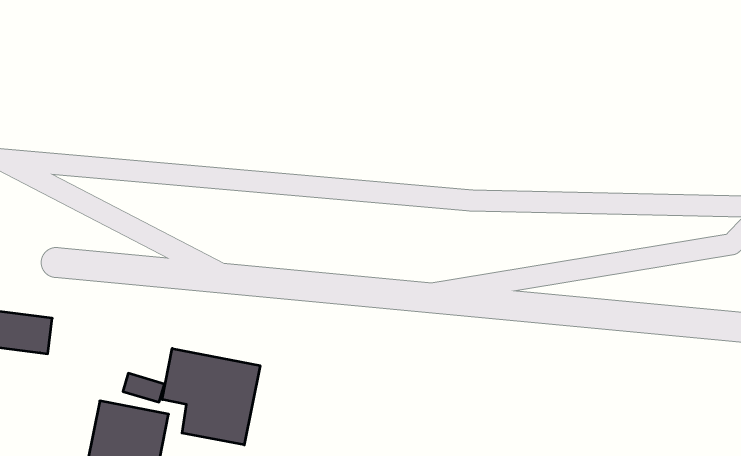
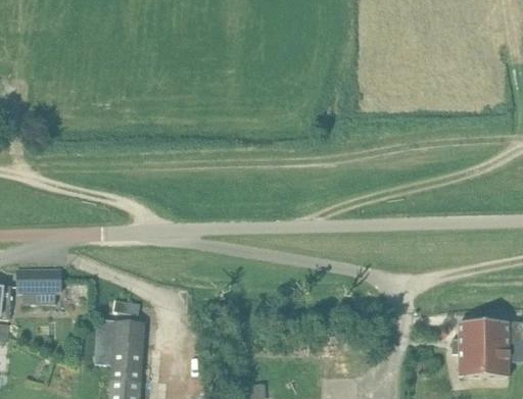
building: [162,348,260,445] -> none

